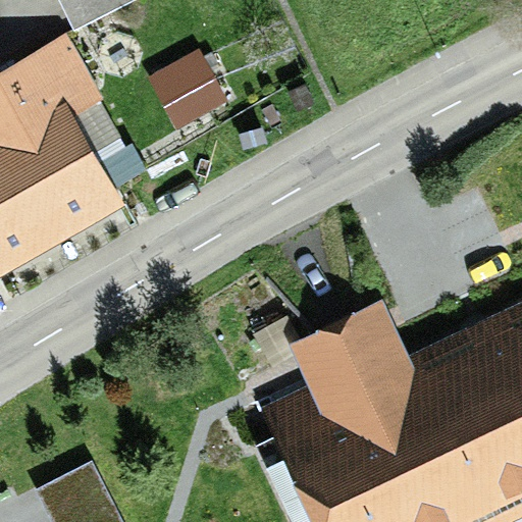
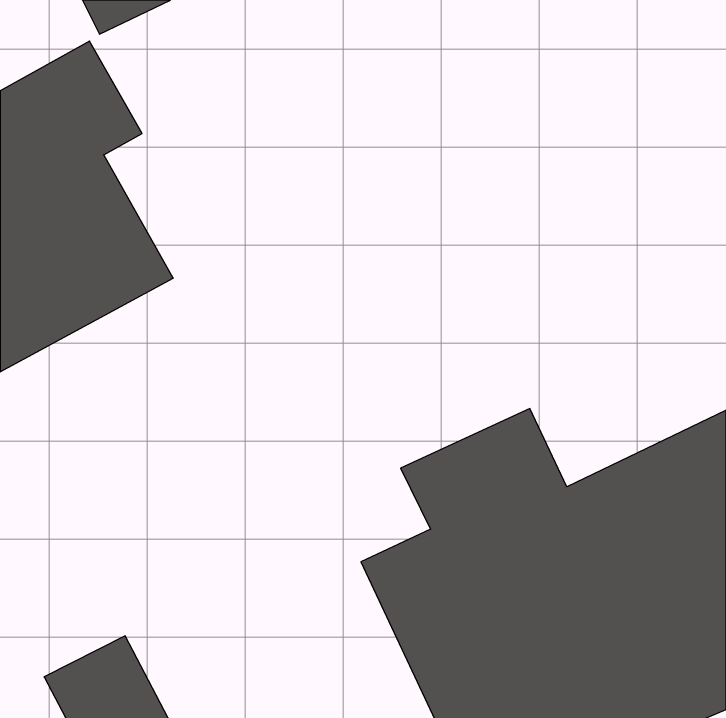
building: [147,51,218,132] -> none

